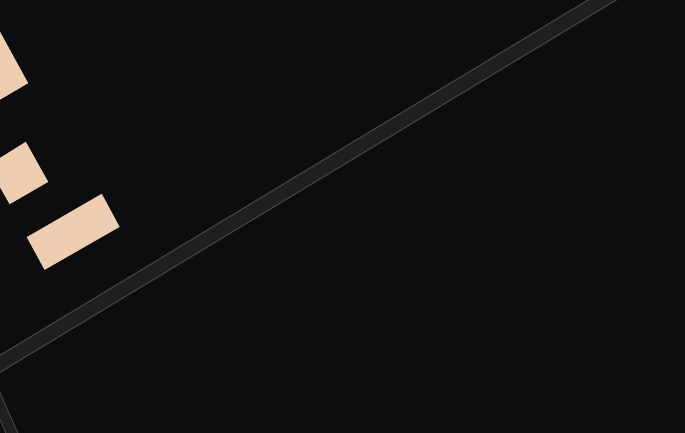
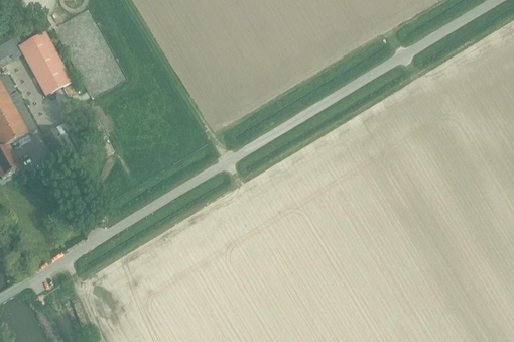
building: [25,193,121,271] -> none

